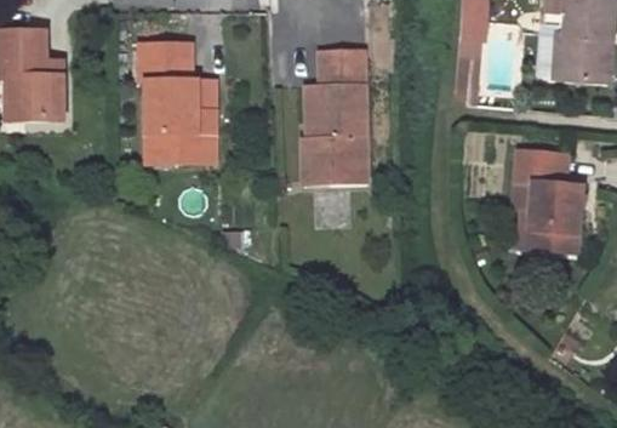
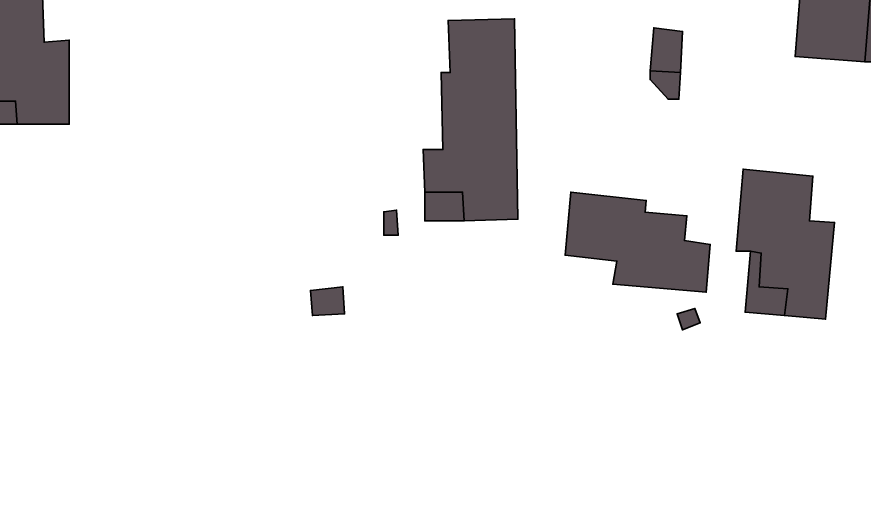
building: [141,45,215,164] -> none
building: none -> [565,192,710,292]

